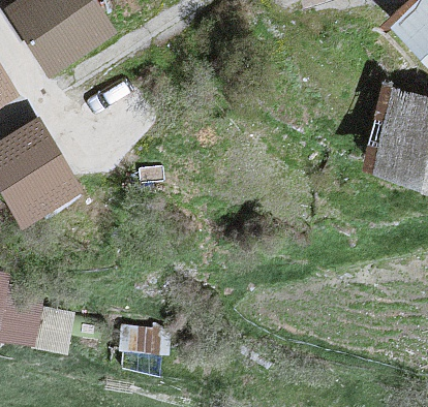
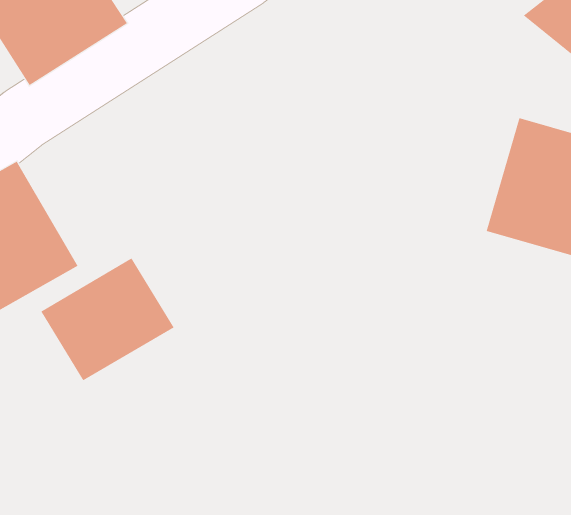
building: none -> [40,258,174,381]

